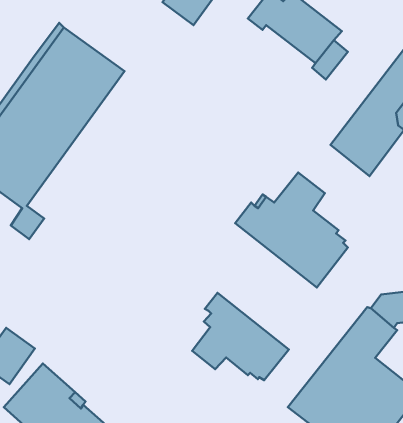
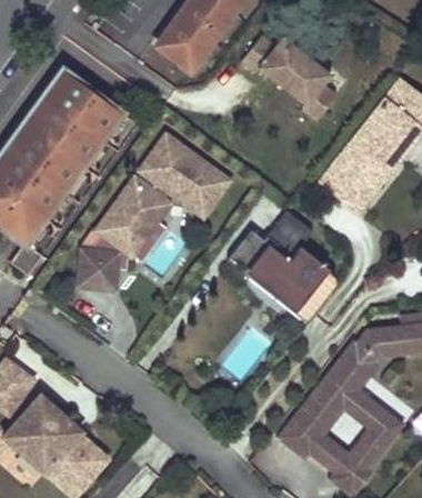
building: none -> [81,138,228,288]
building: [192,293,289,380] -> none

